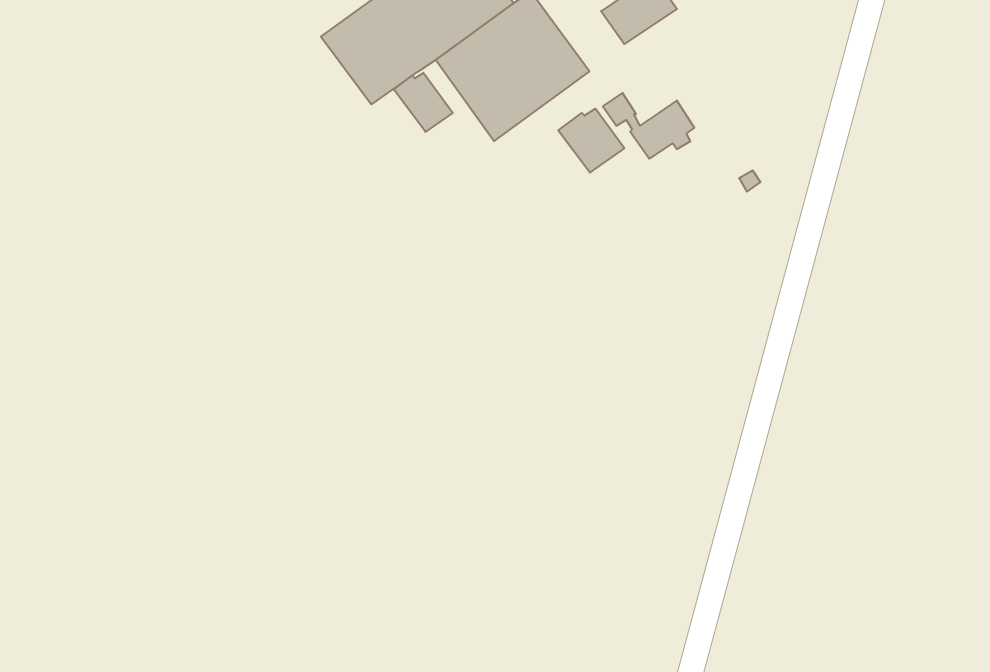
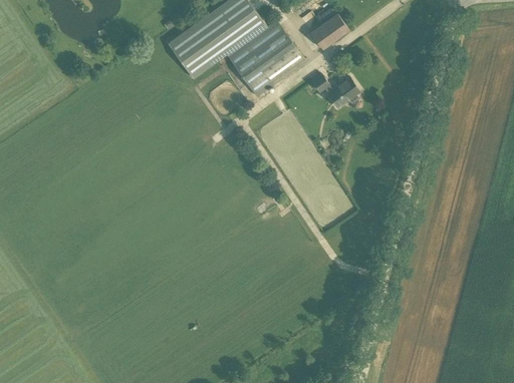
building: [394,73,453,132] -> none
building: [558,109,624,173] -> none

